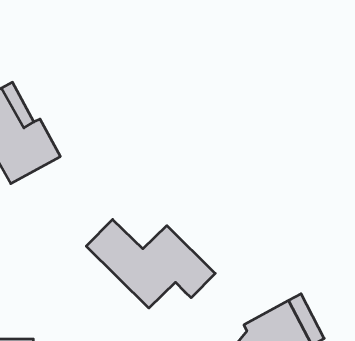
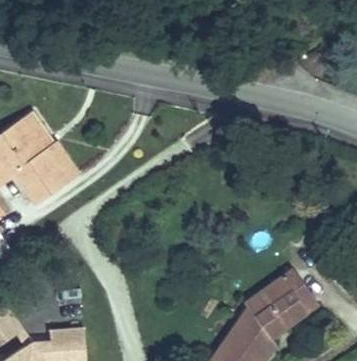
building: [86,219,215,308] -> none

